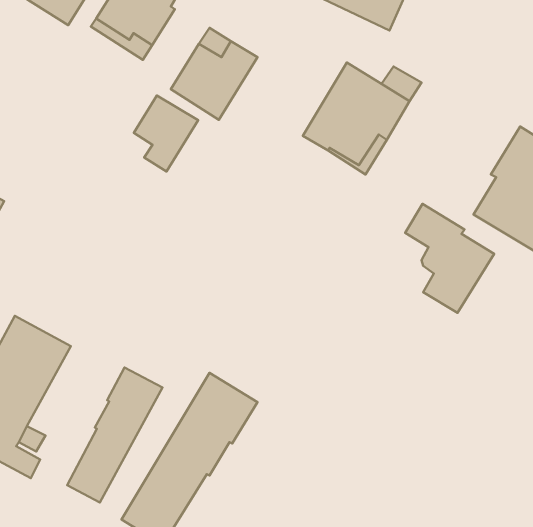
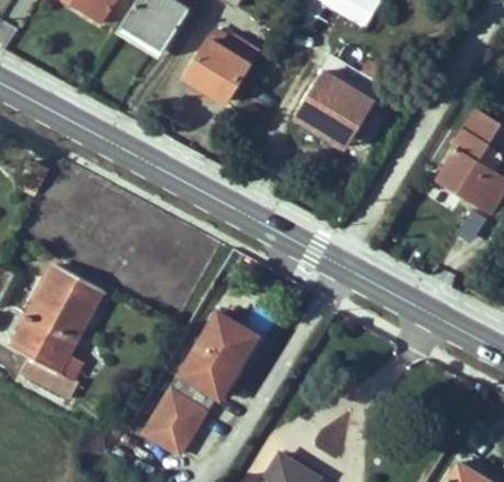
building: [134,96,198,171] -> none
building: [405,204,494,313] -> none
building: [67,367,162,502] -> none

